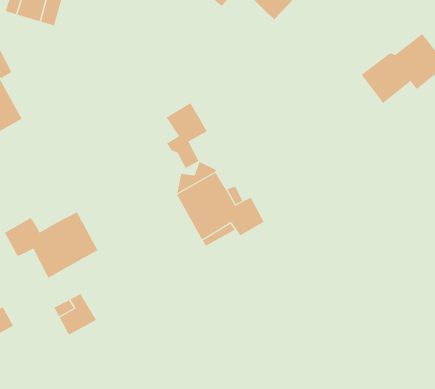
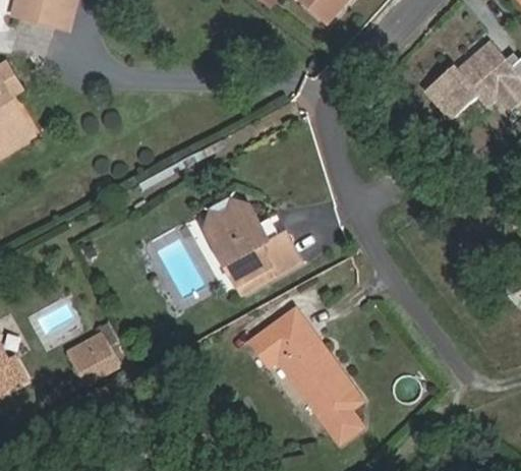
building: [166,102,208,169] -> none
building: [4,212,98,279] -> none
building: none -> [250,309,362,445]

